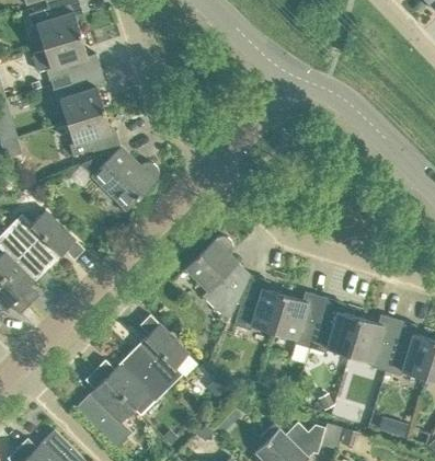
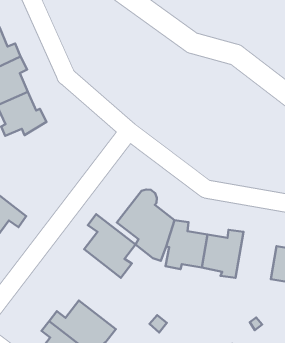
building: [89,147,158,211] -> none
building: [309,298,359,355] -> none
building: [130,314,188,389] -> [84,214,135,278]

